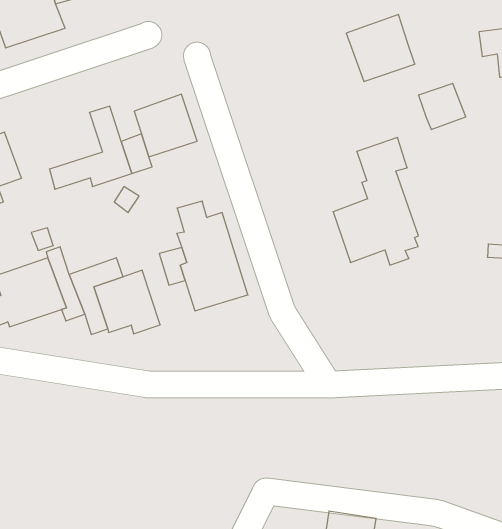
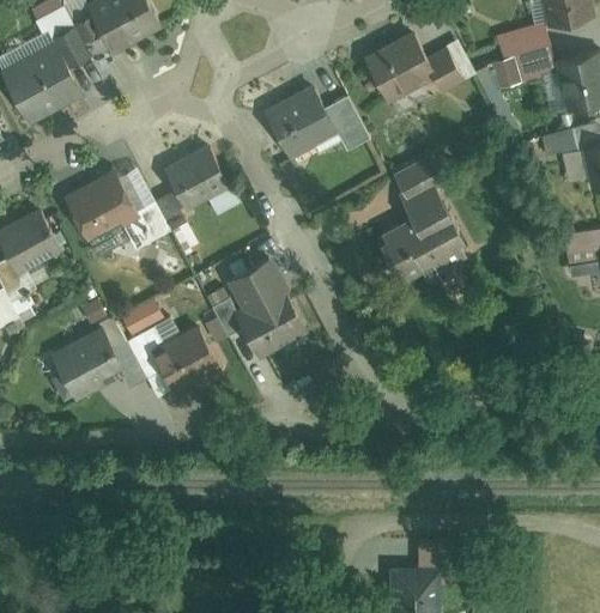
building: none -> [268,84,369,154]
building: [418,83,466,130] -> [425,42,475,91]
building: none -> [62,170,139,242]
building: none -> [121,298,163,334]

